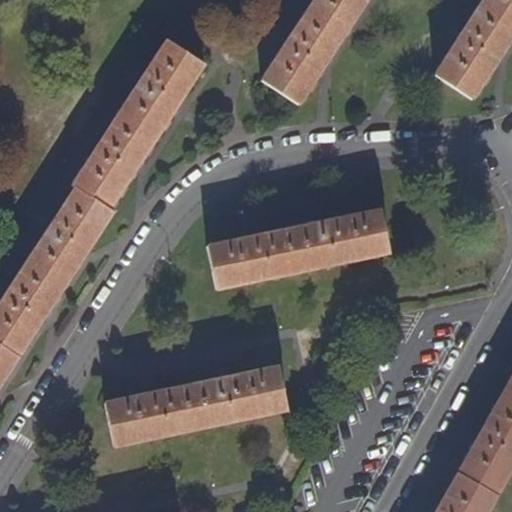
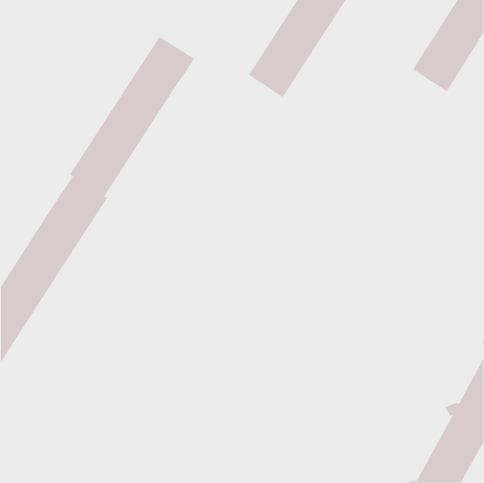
building: [207,208,390,287] -> none
building: [106,366,288,447] -> none

